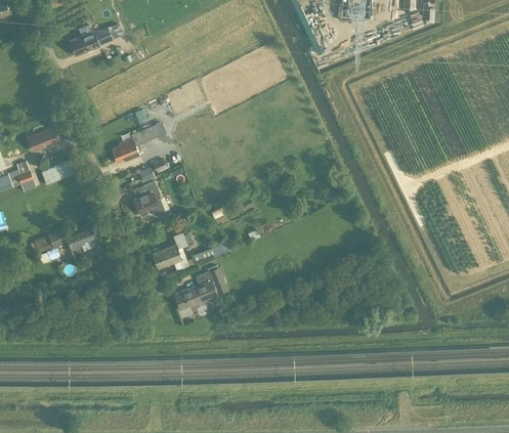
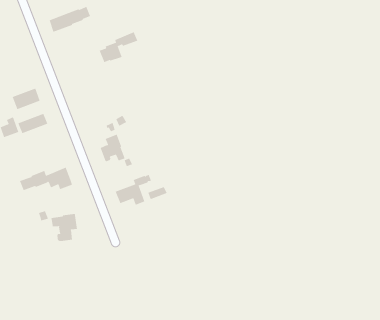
building: [110,125,159,164] -> [99,32,138,63]
building: [173,265,228,310] -> none
building: none -> [51,213,77,242]

